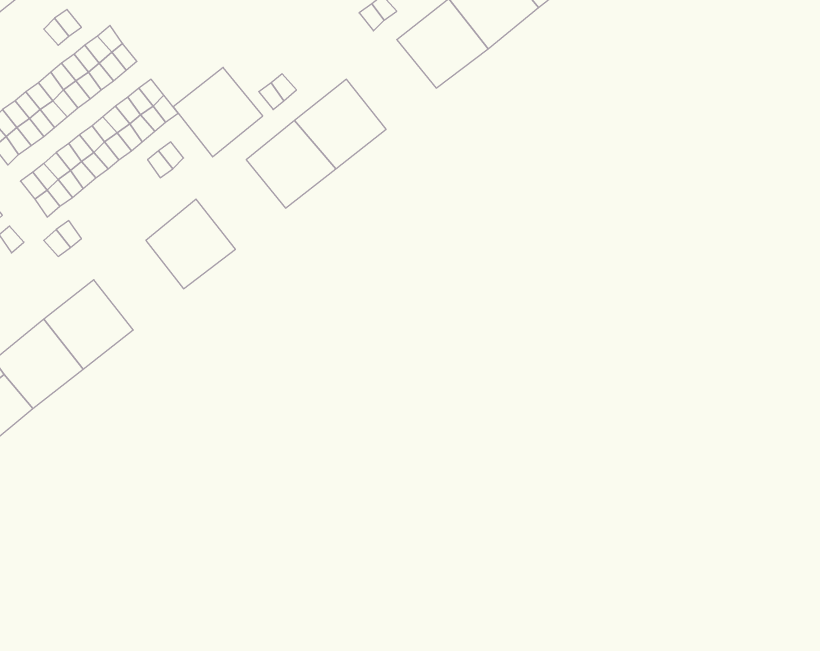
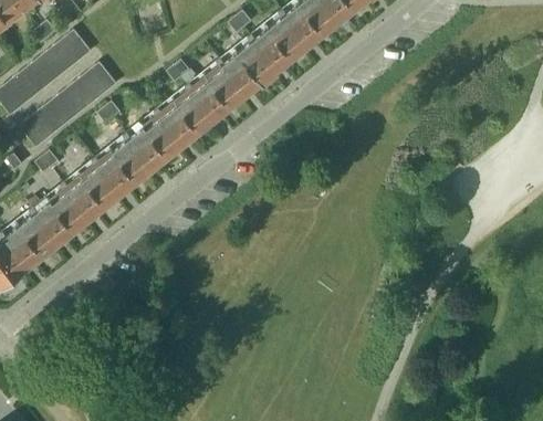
building: none -> [222,41,278,96]
building: [173,67,263,157] -> [129,115,185,170]
building: none -> [66,165,122,220]

